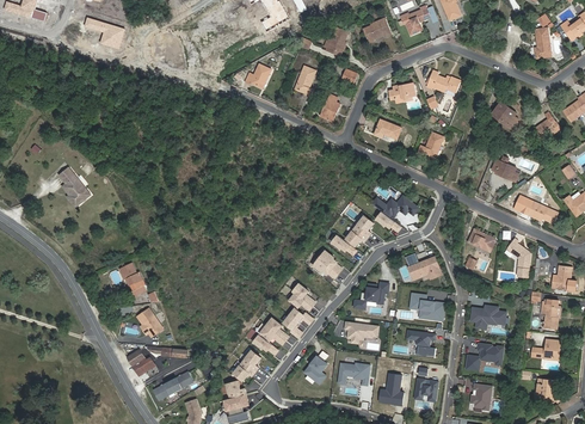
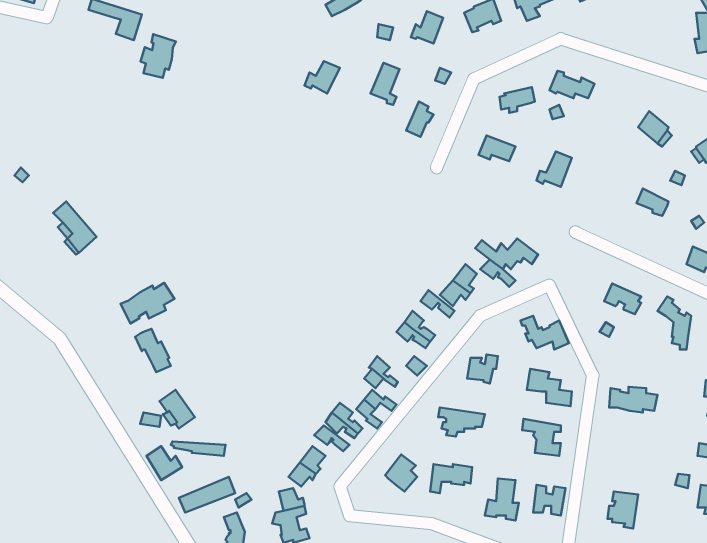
building: none -> [140,34,176,78]
building: none -> [121,283,174,324]
building: [466,344,503,370] -> none

